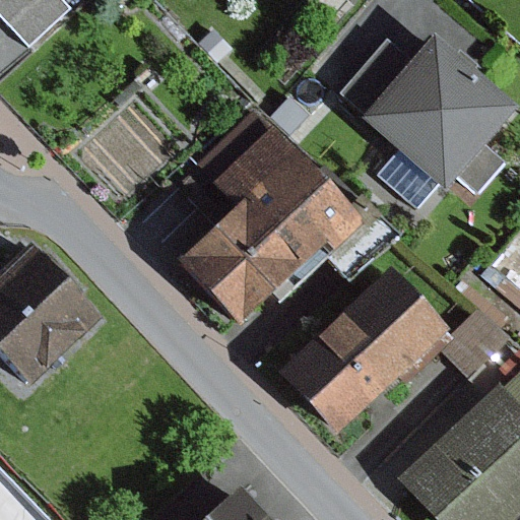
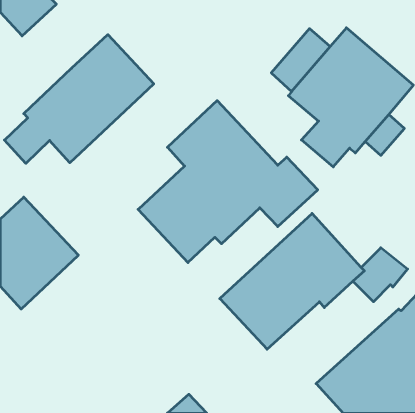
building: none -> [4,35,154,163]

